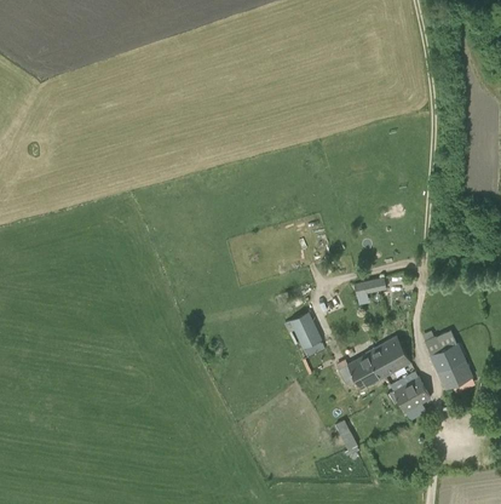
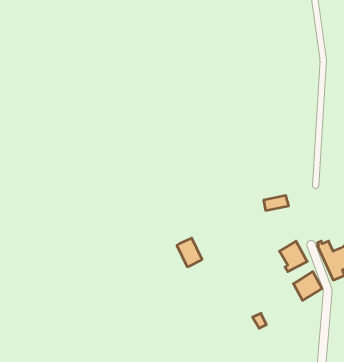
building: [288,310,321,348] -> [177,238,202,267]
building: [338,349,385,388] -> none

